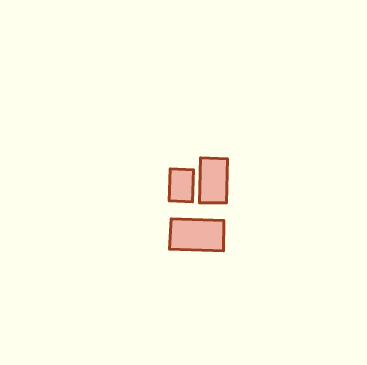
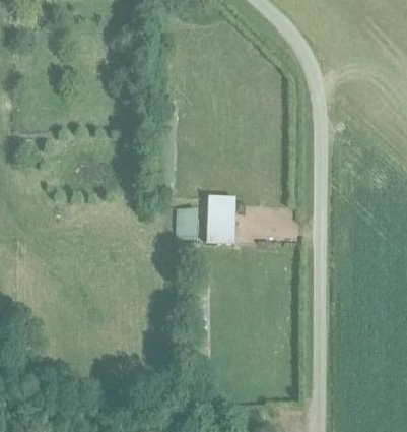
building: [170,219,224,251] -> none

